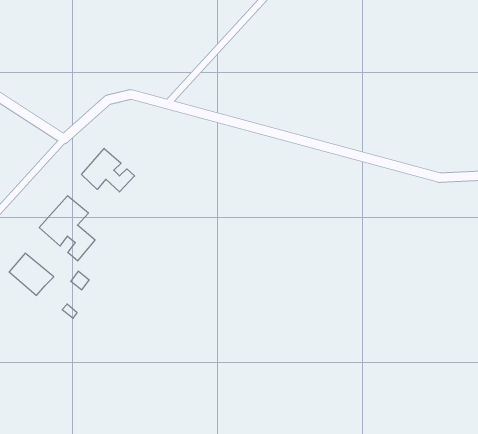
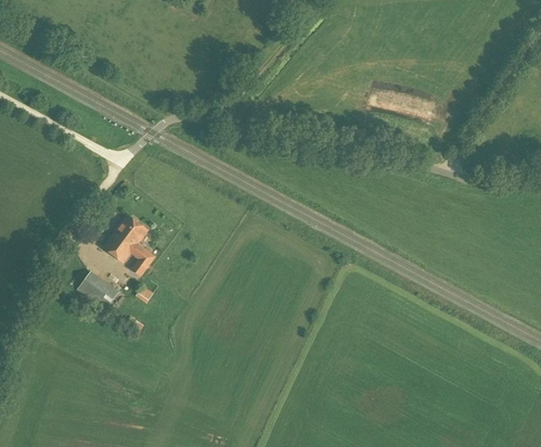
building: [81,148,135,192] -> none

